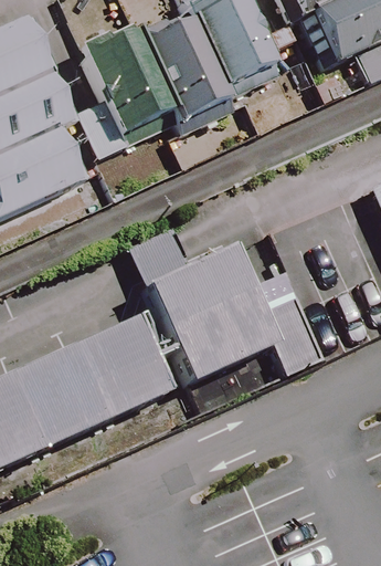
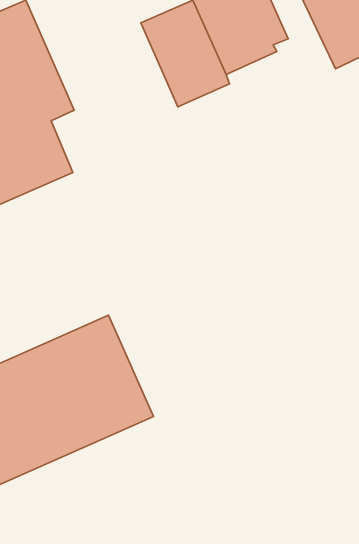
building: [83,21,179,139] -> none
building: [150,258,327,400] -> none

